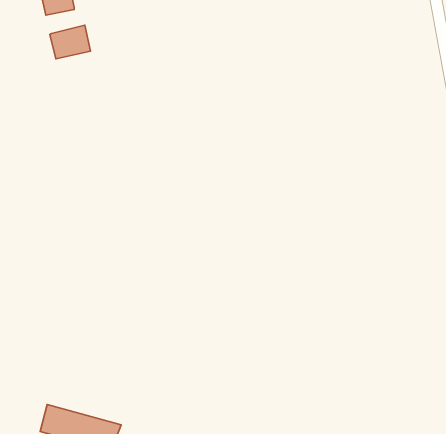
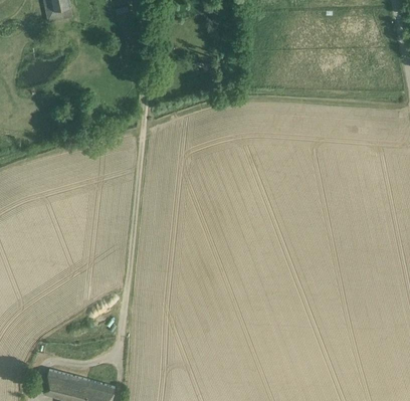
building: [50,25,90,59] -> none

